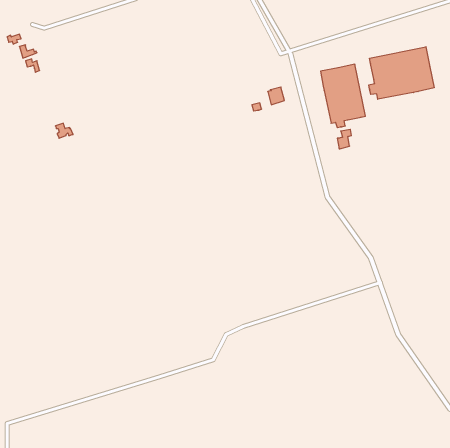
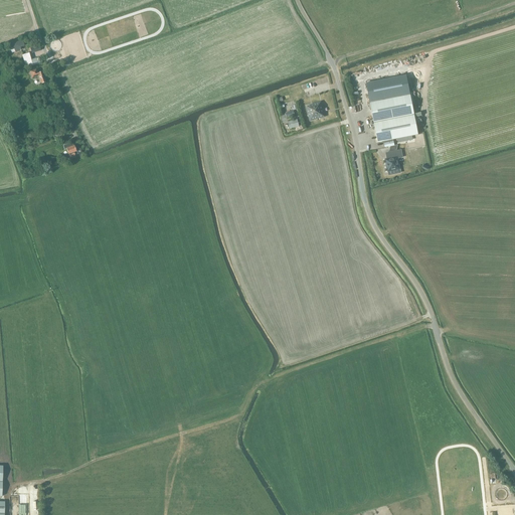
building: [369,47,434,99] -> none

